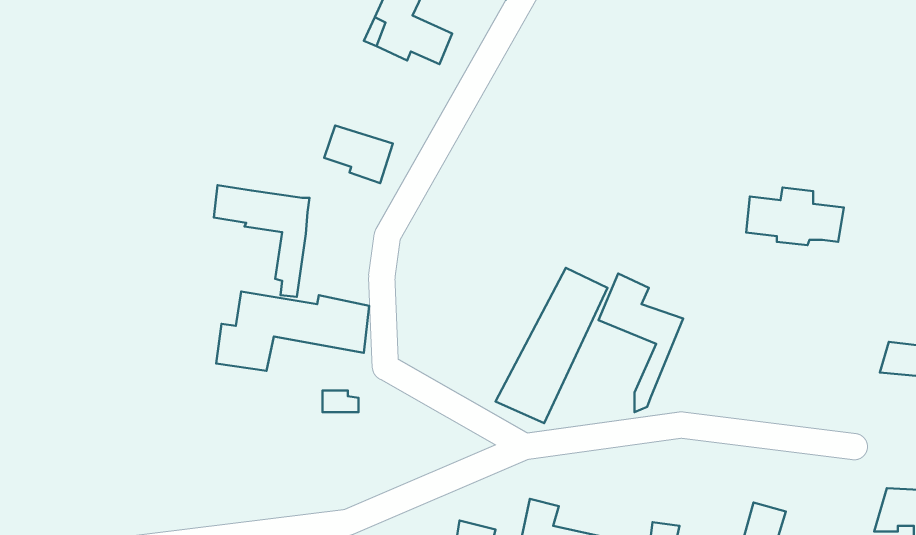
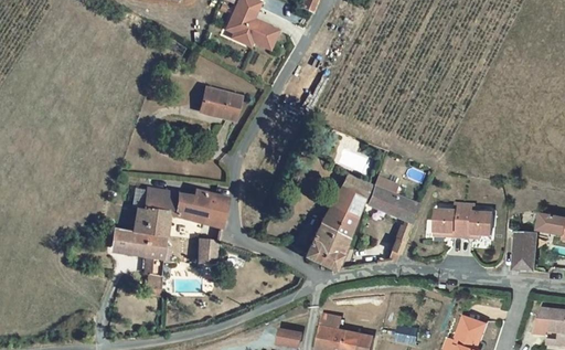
building: [214,185,309,297] -> [110,227,169,296]
building: [746,188,844,245] -> [433,201,492,236]
building: none -> [513,235,537,273]

